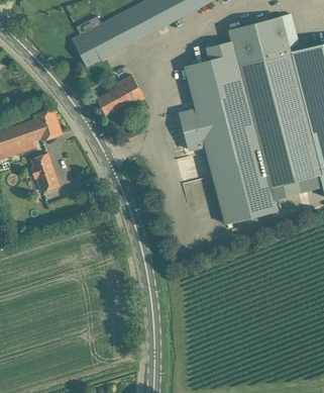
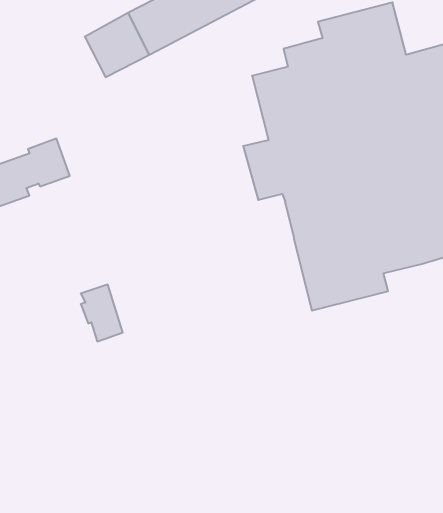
building: [97,75,144,115] -> none
building: [30,154,59,192] -> [81,285,123,341]

